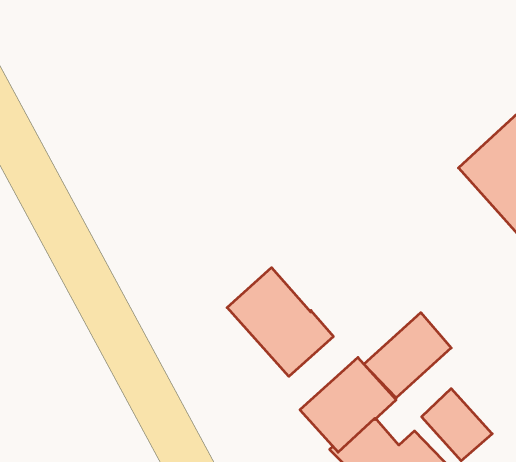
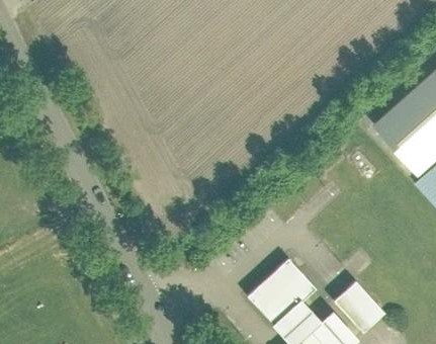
building: [227,268,333,376] -> none
building: [364,313,451,398] -> none

